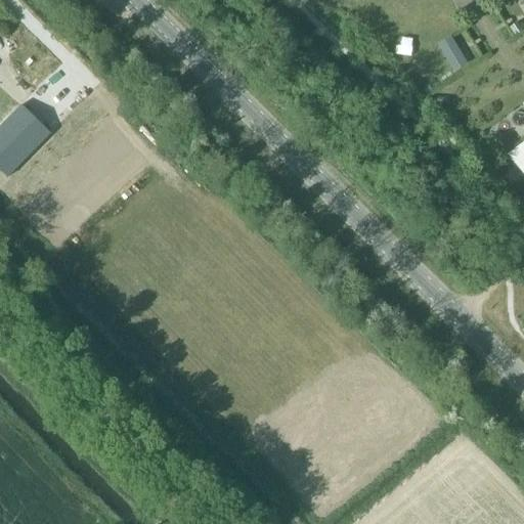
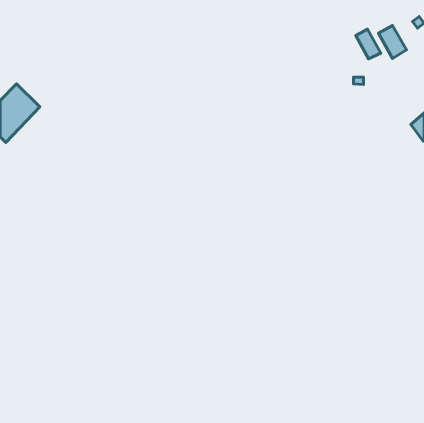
building: none -> [378,26,406,59]

